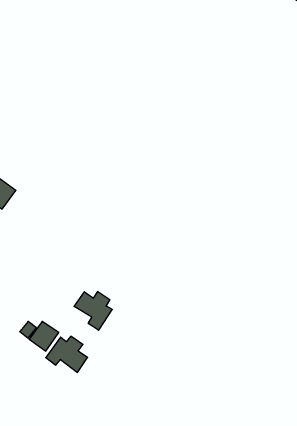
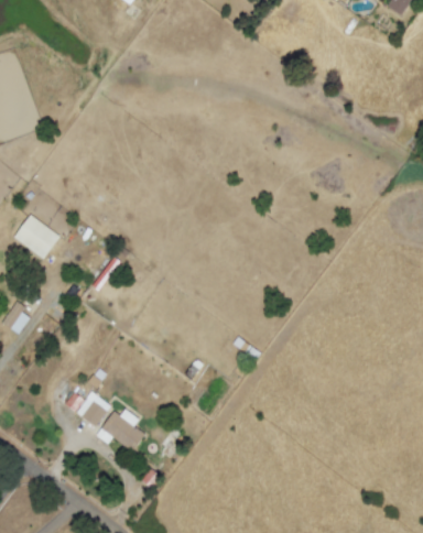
building: [74,291,112,330] -> none

